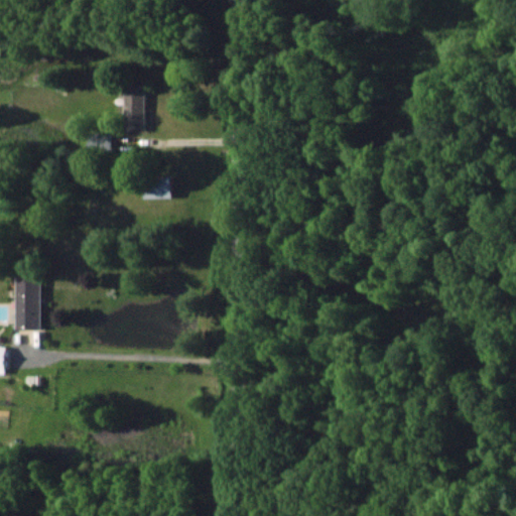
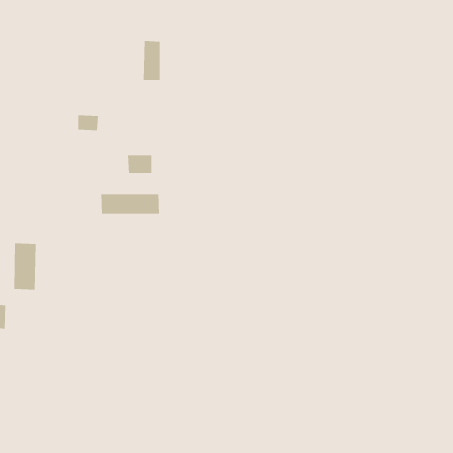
building: [124,86,144,131] -> [143,41,161,81]
building: none -> [101,194,159,214]

